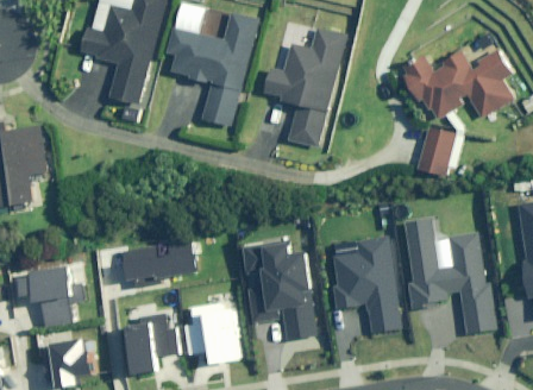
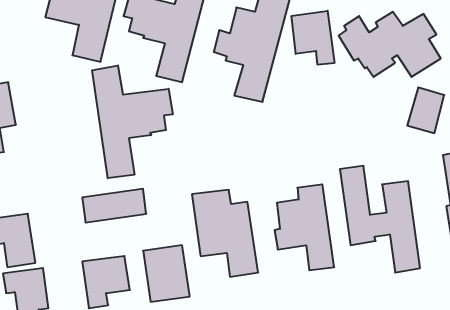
building: none -> [292,11,334,65]
building: none -> [92,65,173,178]
building: [416,125,457,175] -> [407,88,444,133]

